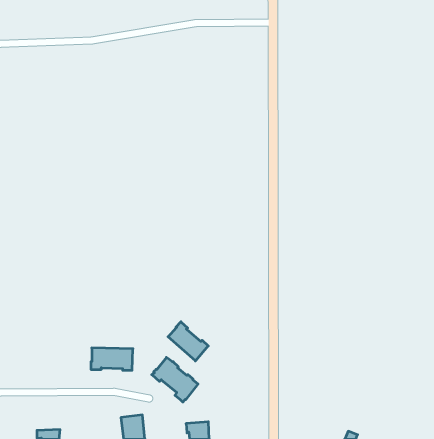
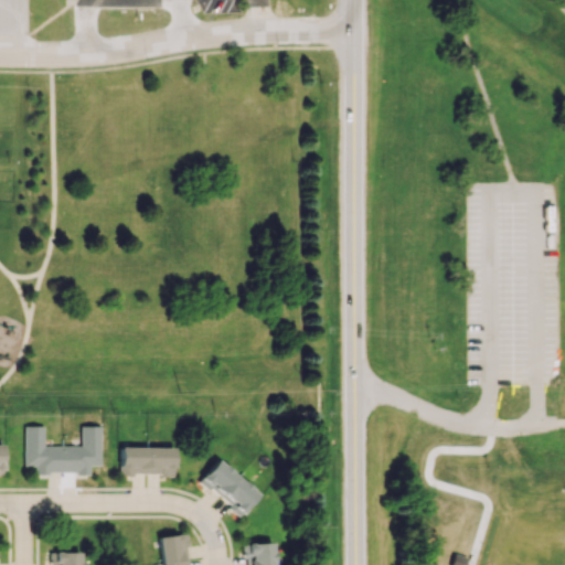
building: [168,322,208,361] -> none
building: none -> [26,425,105,475]

